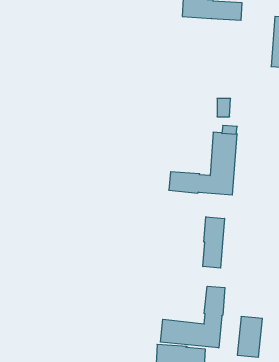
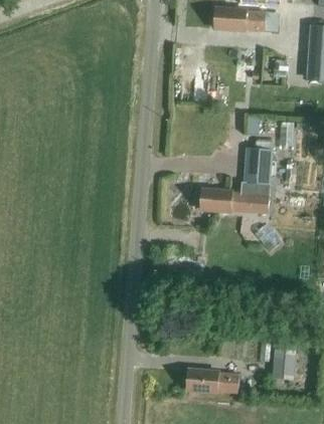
building: [203,217,224,268] -> none
building: [161,286,225,348] -> none

